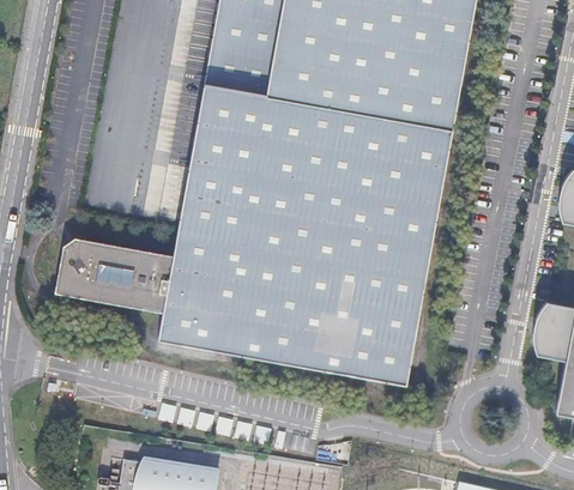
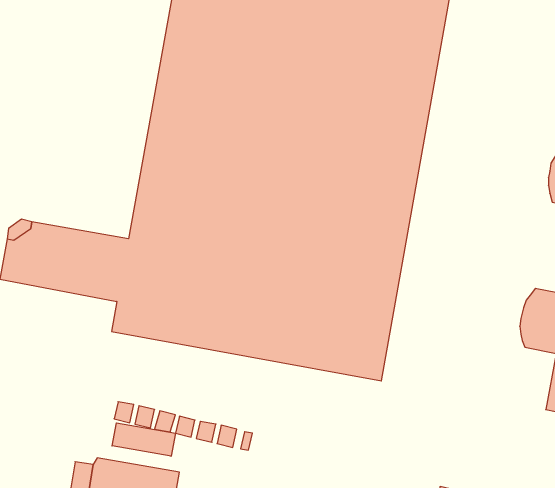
building: none -> [112,423,175,456]

